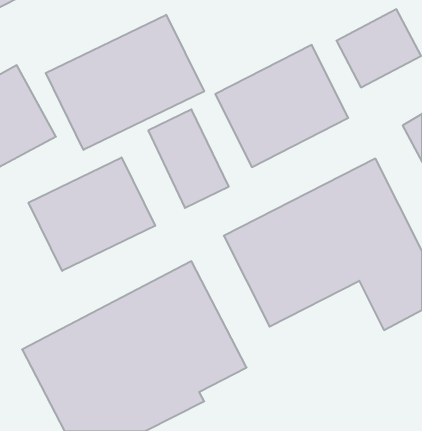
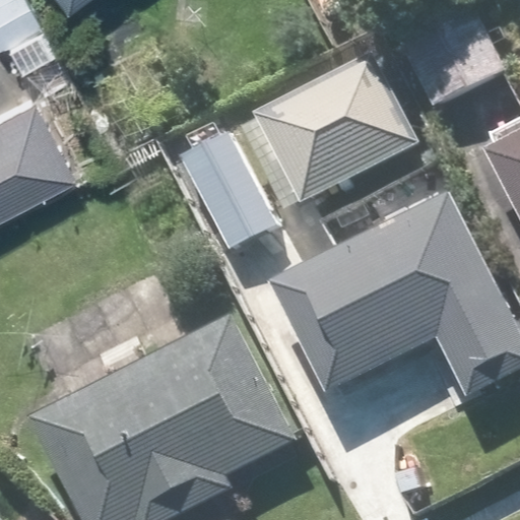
building: [46,15,204,150] -> none
building: [29,157,155,271] -> none

